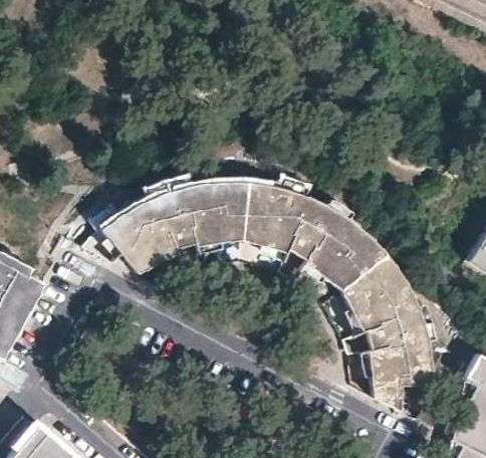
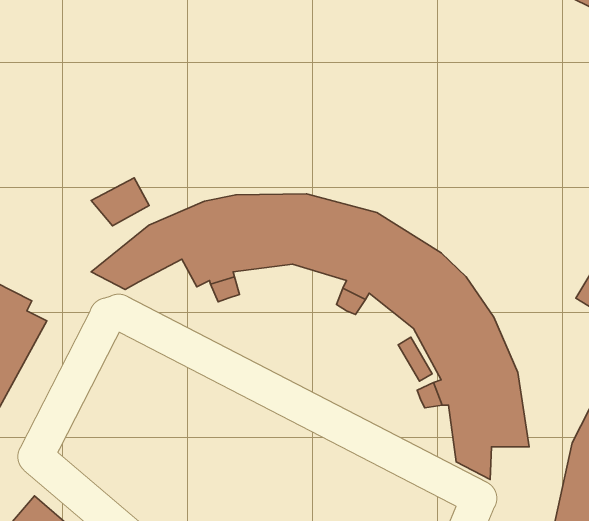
building: [120,232,167,270] -> [91,178,149,226]

